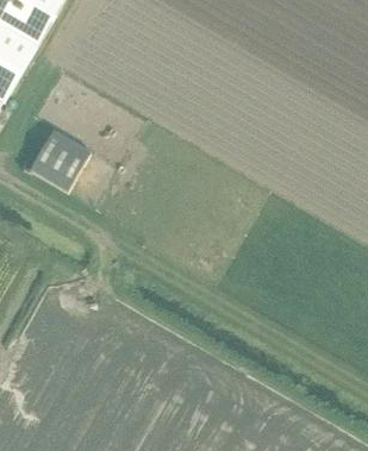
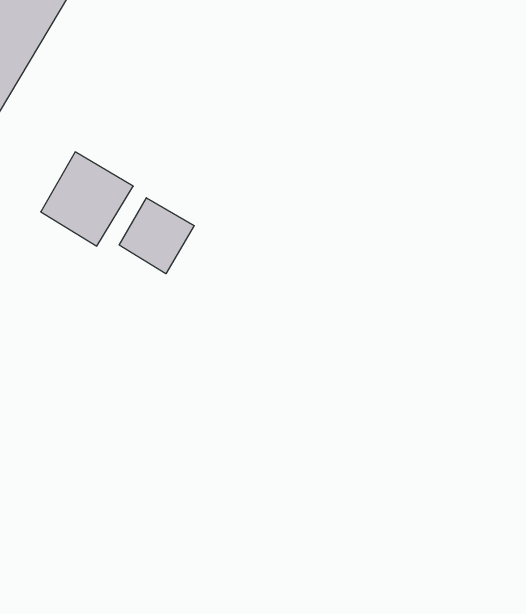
building: none -> [119,198,194,274]

